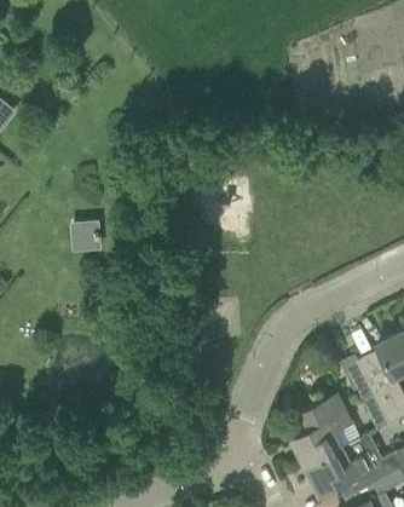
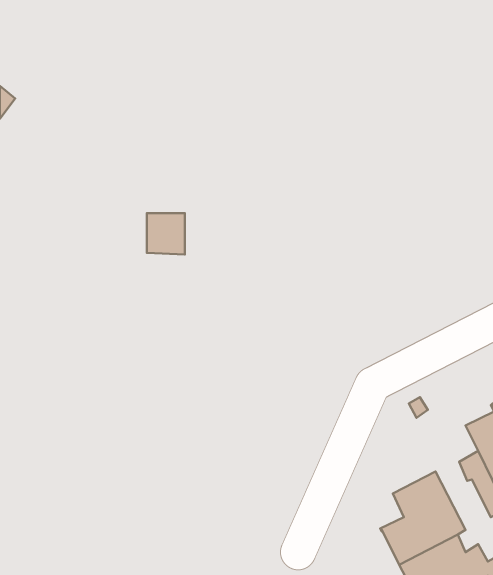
building: [69,220,98,252] -> [147,213,185,254]

